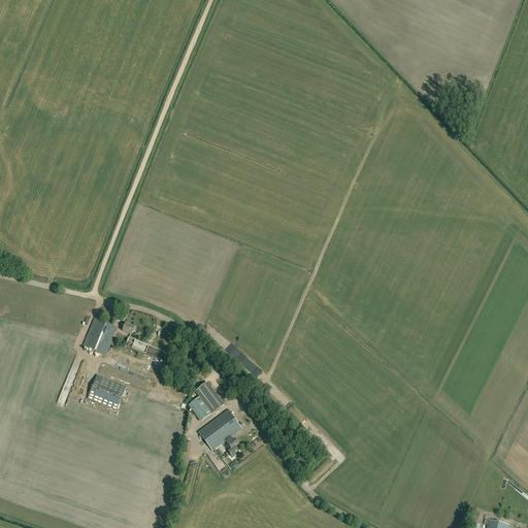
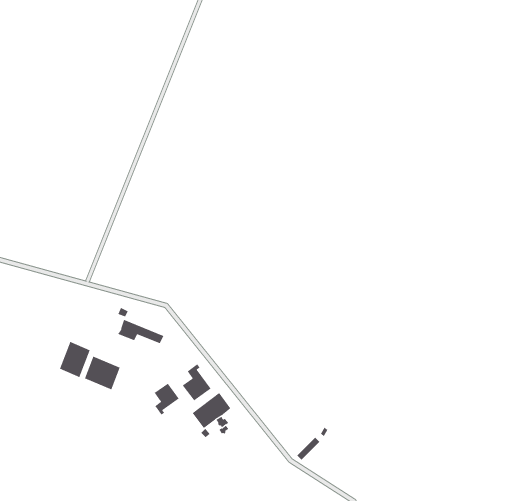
building: [84,315,117,353] -> [59,341,91,378]
building: none -> [154,383,180,416]

